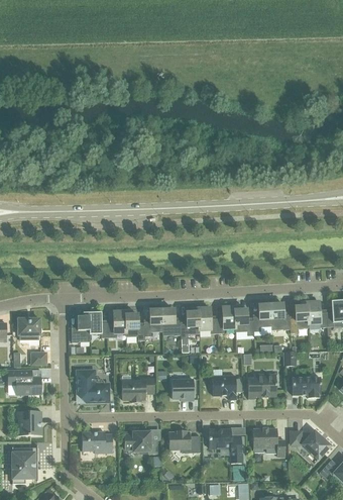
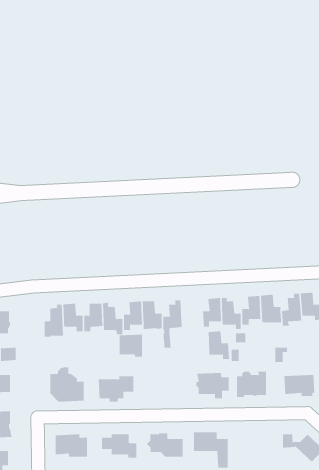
building: [198,307,218,333] -> [208,331,230,359]
building: [172,379,194,400] -> [119,334,143,357]
building: [252,427,285,456] -> none

